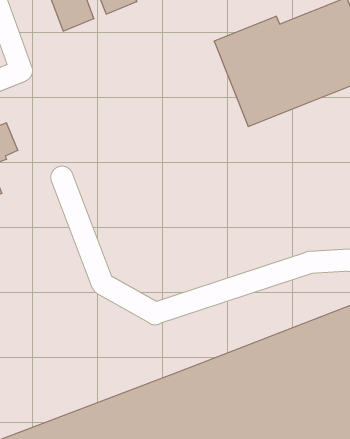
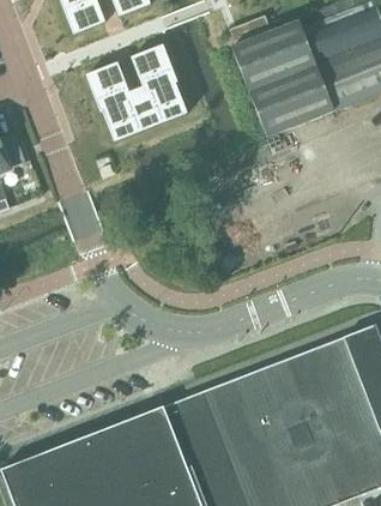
building: none -> [85,43,188,141]

